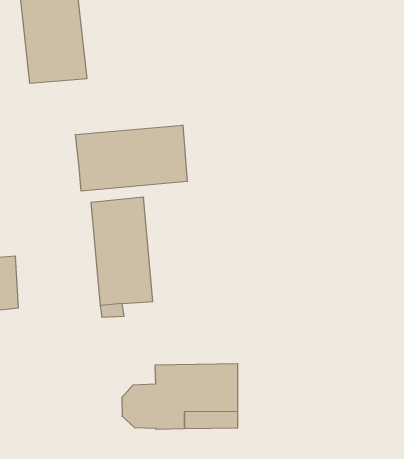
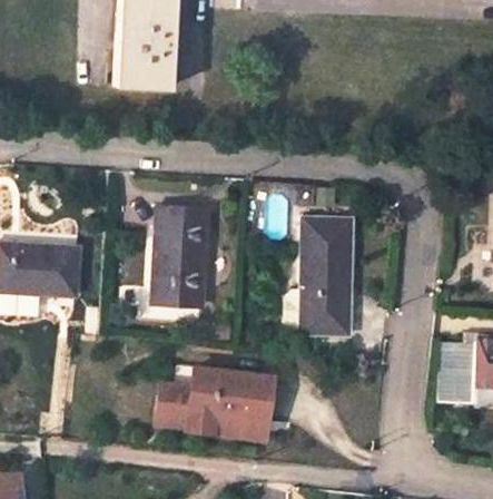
building: [76,125,187,191] -> none
building: none -> [296,216,352,333]

